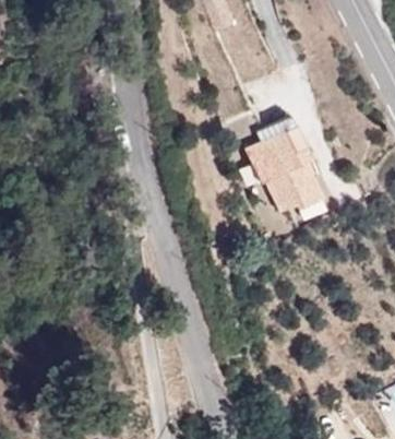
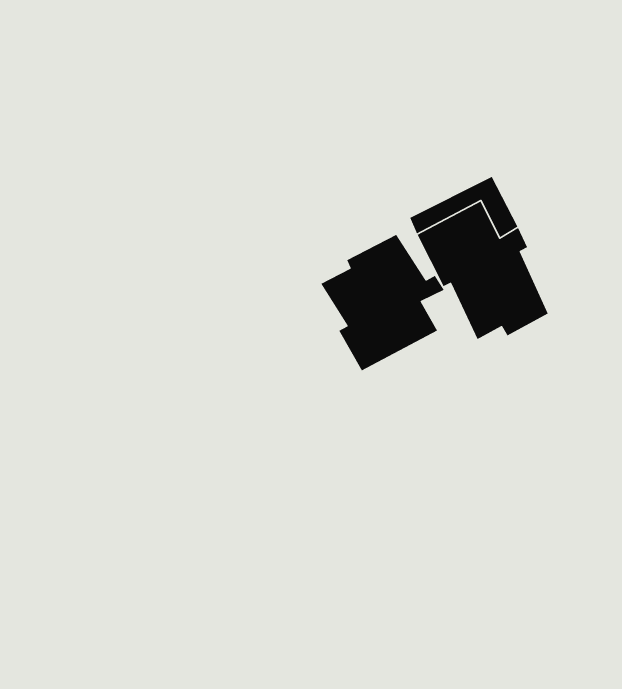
building: none -> [320,234,445,371]

